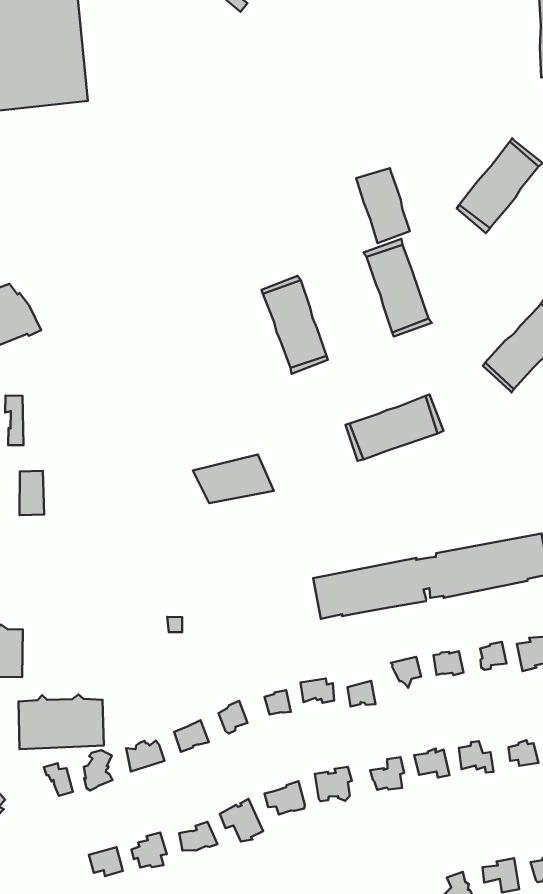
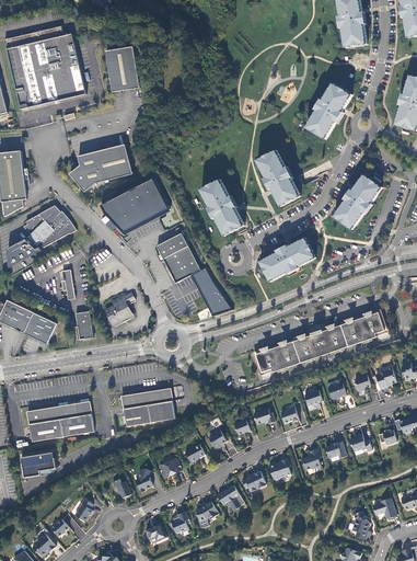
building: none -> [104,46,139,92]
building: [356,168,410,243] -> none
building: none -> [69,144,131,192]
building: none -> [100,180,166,236]
building: none -> [157,227,200,283]
building: none -> [104,291,134,324]
building: [19,694,104,749] -> [121,390,174,426]

